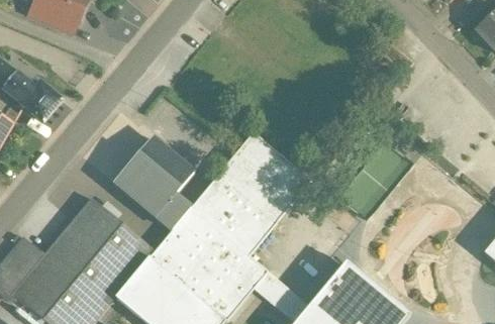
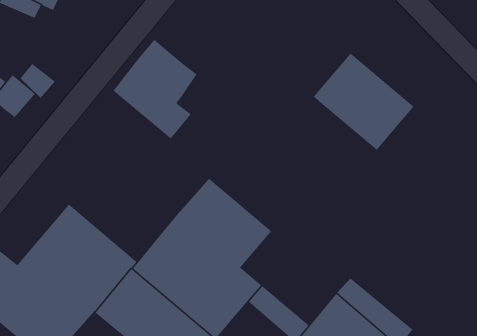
building: none -> [19,63,56,99]
building: [218,134,311,224] -> [313,52,414,151]
building: [115,137,193,229] -> [112,39,197,140]

